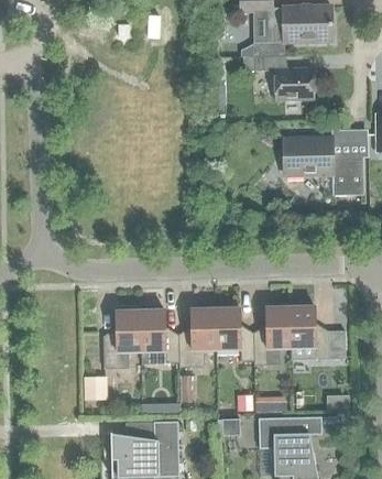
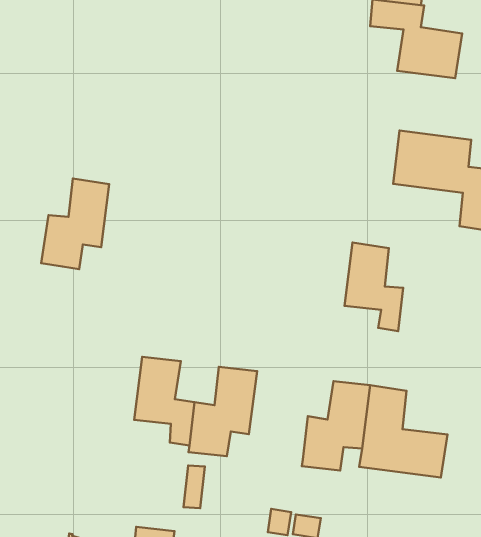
building: [215,307,253,360] -> [344,243,403,331]
building: [102,309,140,368] -> [41,178,109,269]

